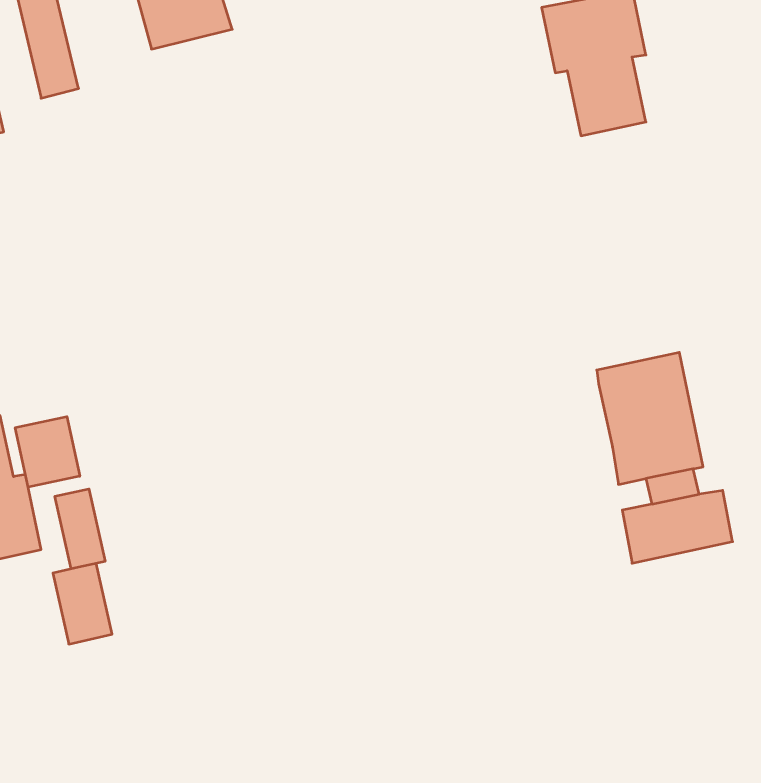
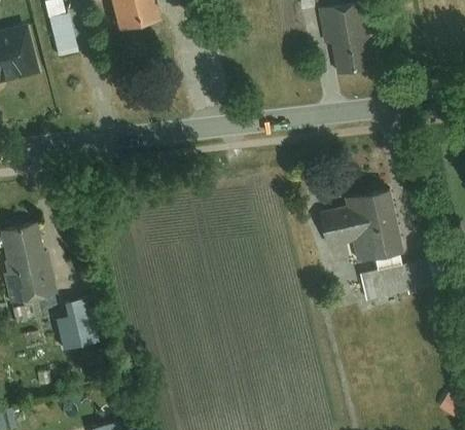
building: none -> [323,206,356,244]
building: [15,417,80,487] -> none
building: [55,489,105,569] -> none

